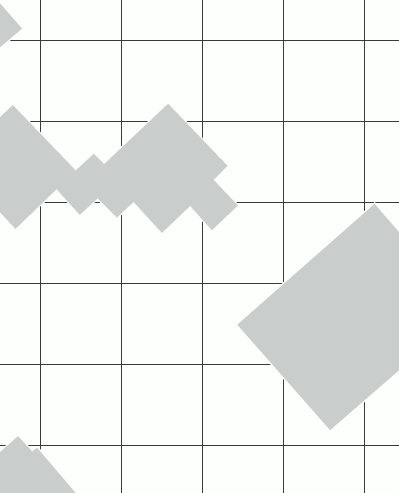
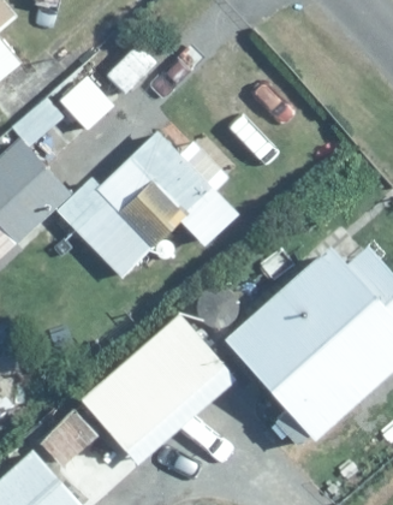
building: none -> [79,313,227,456]

